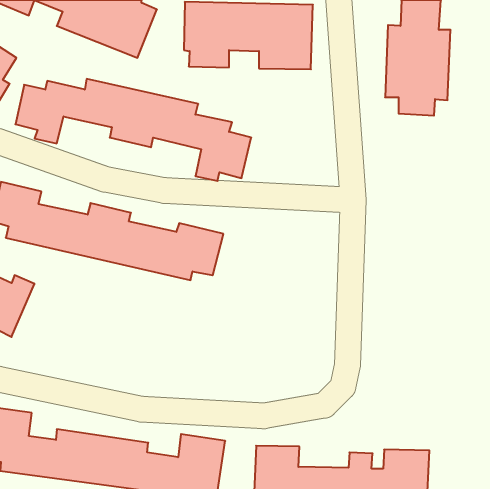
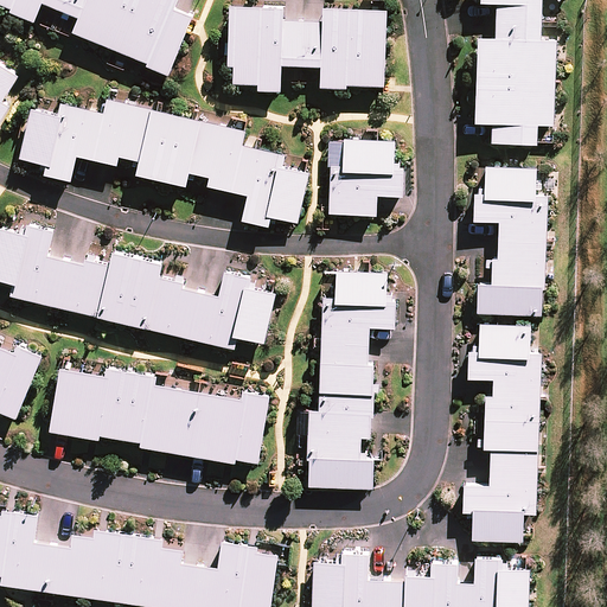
building: none -> [328,139,405,213]
building: none -> [474,167,545,314]
building: none -> [305,271,395,490]
building: none -> [462,326,541,542]
building: none -> [50,368,268,466]

